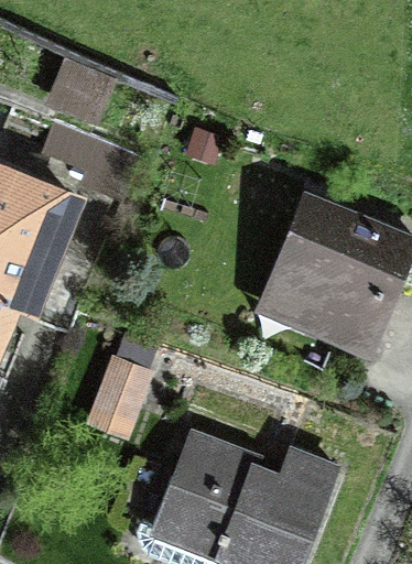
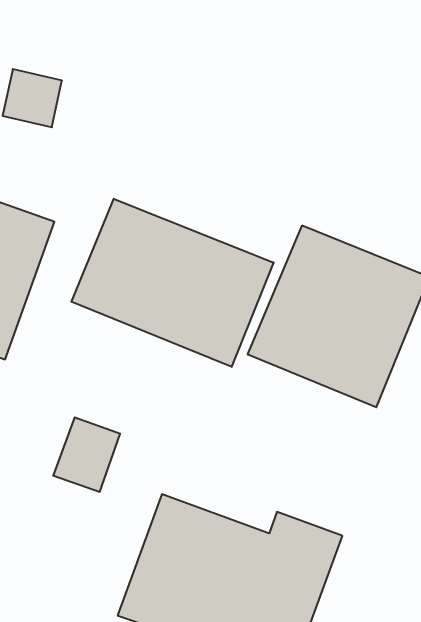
building: none -> [71,199,274,367]

